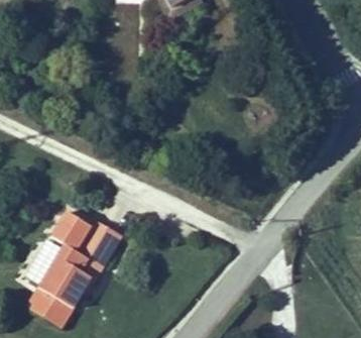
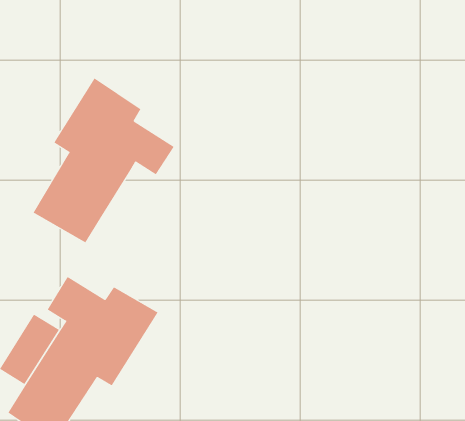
building: none -> [33,78,175,243]

